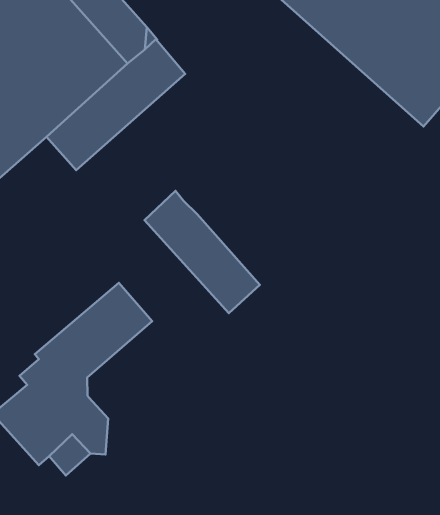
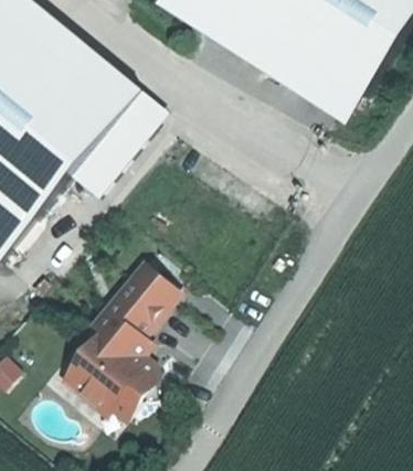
building: [144,191,260,313] -> none

